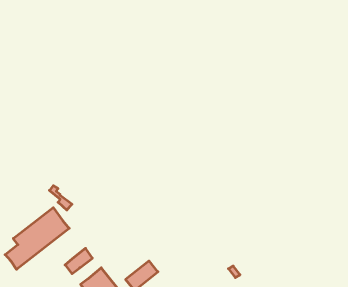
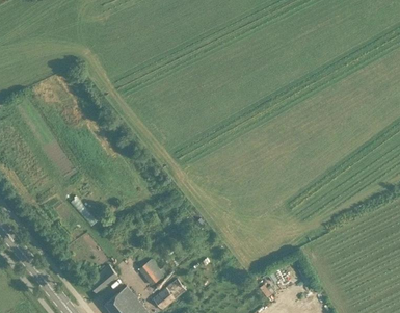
building: [5,208,69,269] -> none
building: none -> [137,259,166,286]

